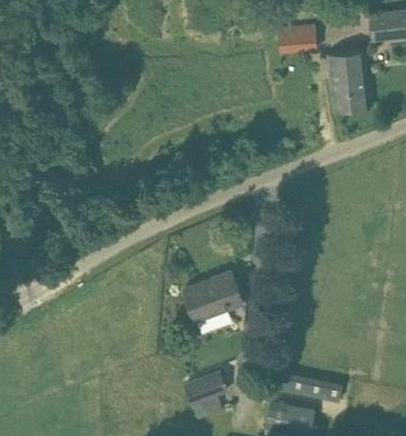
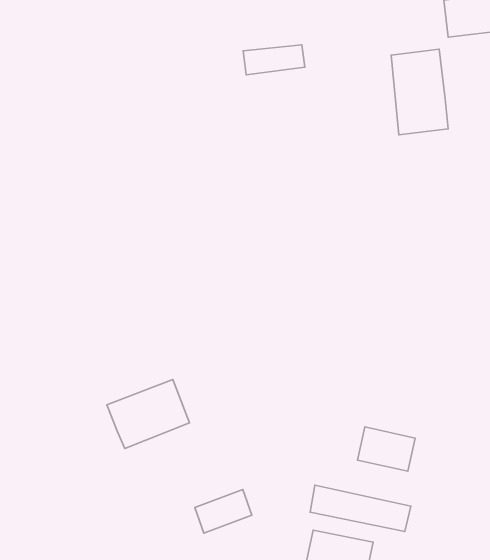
building: [275,27,320,49] -> [243,45,305,75]
building: [181,271,241,322] -> [107,379,189,448]
building: none -> [358,427,415,471]

